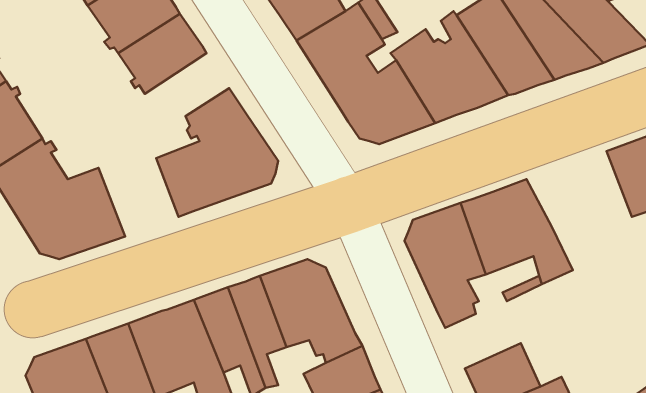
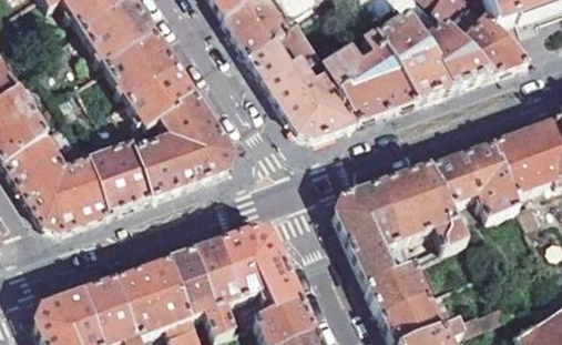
building: none -> [127,64,194,123]
building: none -> [91,140,154,210]
building: none -> [429,142,517,215]
building: none -> [365,262,425,314]

